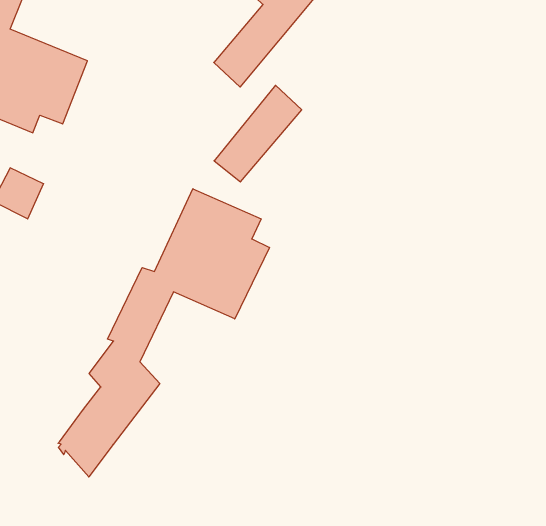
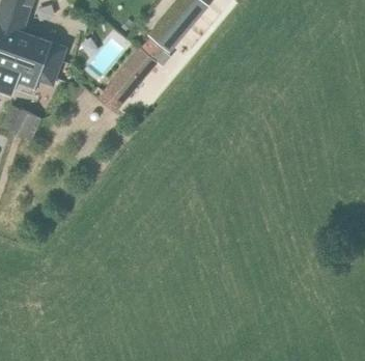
building: [214,85,302,182] -> [104,50,156,107]
building: [58,189,269,477] -> none

